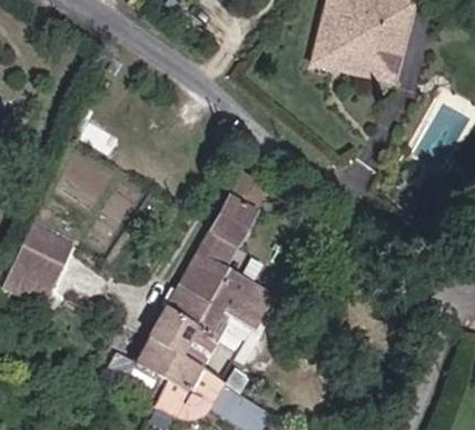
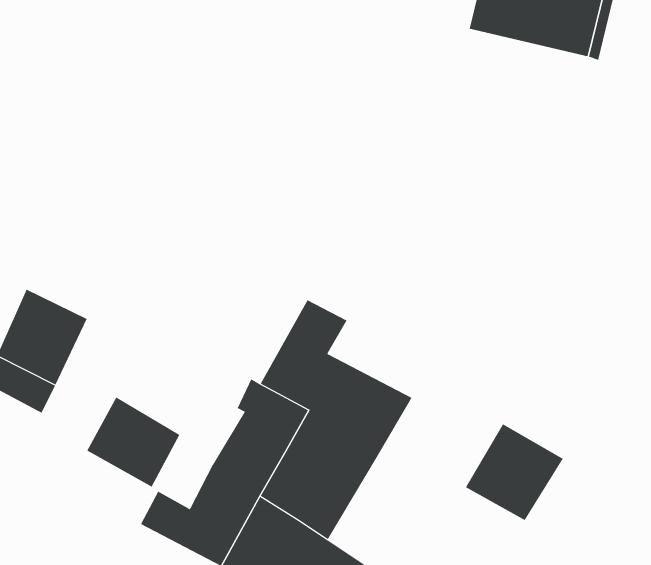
building: [210,172,268,244] -> none
building: none -> [86,397,180,488]
building: none -> [465,423,564,521]

